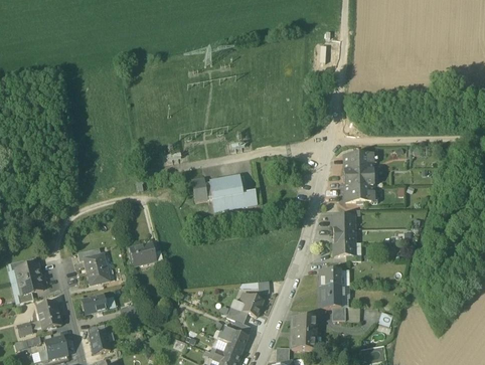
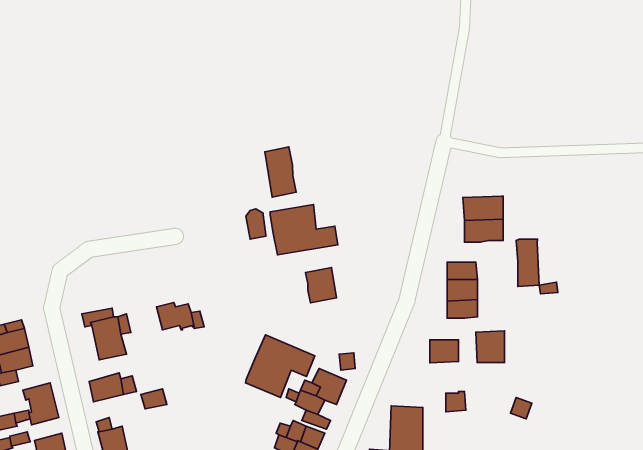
building: none -> [265,147,296,197]
building: [344,155,371,171] -> none
building: none -> [516,239,539,287]
building: none -> [305,267,337,303]
building: none -> [245,335,315,398]
building: [321,286,341,308] -> [476,331,504,363]

